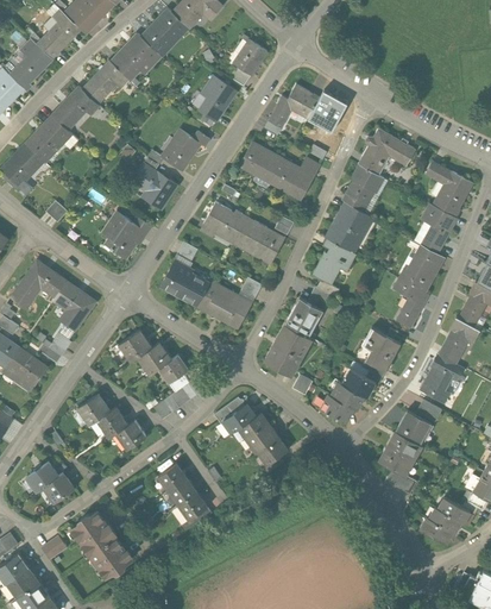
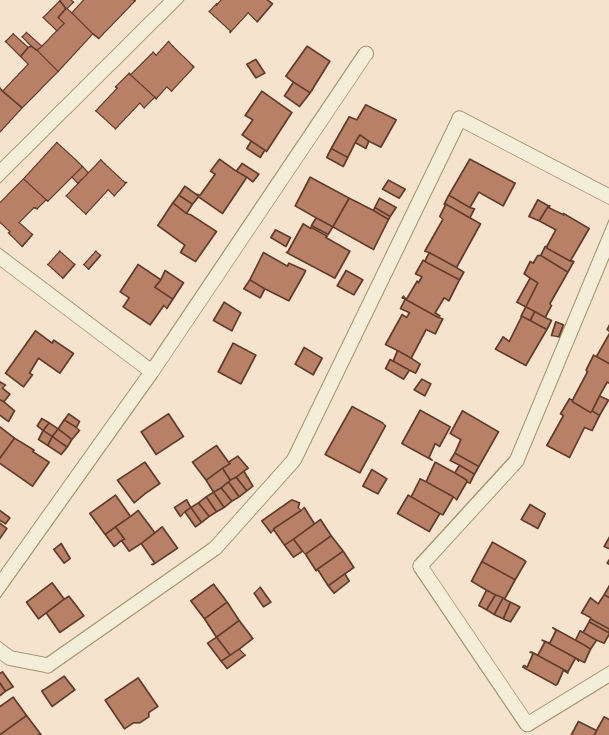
building: [144,8,189,55] -> none
building: [52,87,100,130] -> [66,160,126,214]
building: [308,98,344,132] -> none
building: [234,219,284,262] -> [287,224,350,278]
building: [160,260,194,296] -> none
building: [394,278,427,327] -> none
building: [53,282,95,331] -> none
building: [197,282,252,328] -> none
building: [285,297,323,337] -> [402,410,450,460]
building: [138,343,171,375] -> [118,462,160,503]
building: [418,353,464,404] -> none
building: [396,410,432,445] -> none
building: [71,510,117,555] -> none

